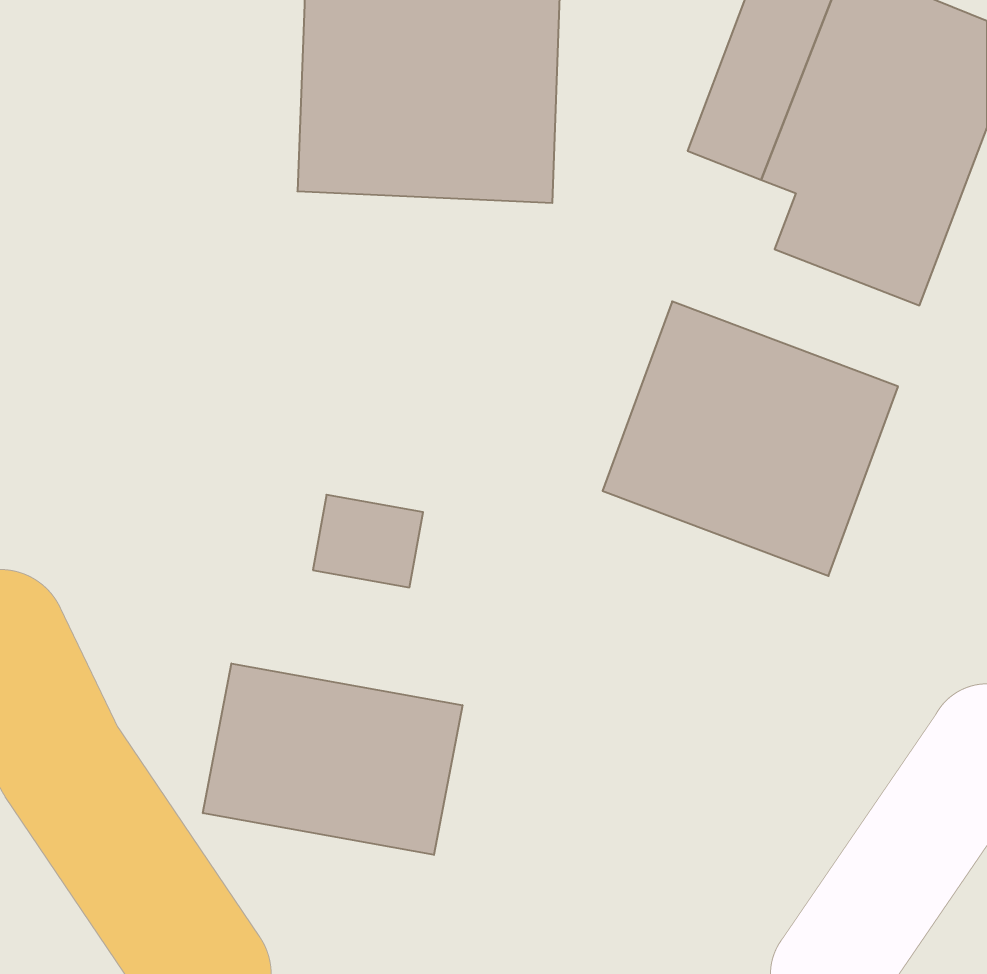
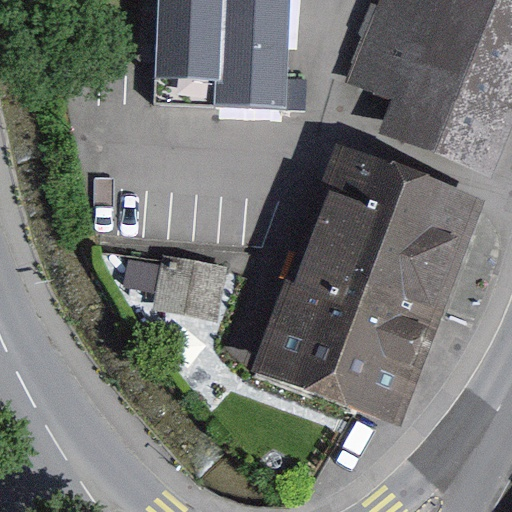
building: none -> [254,254,429,405]
building: [203,663,462,855] -> none

